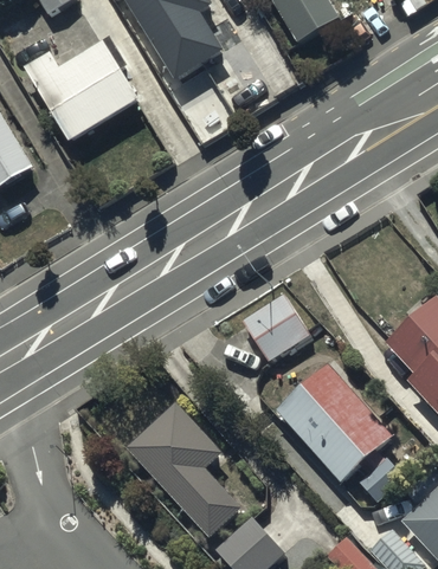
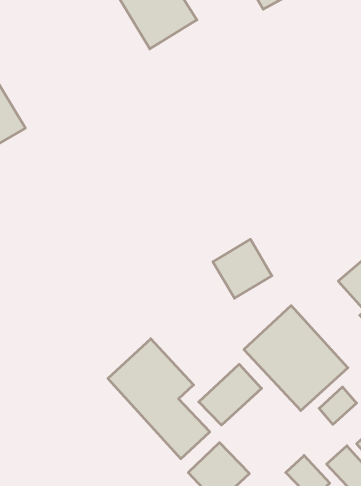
building: [25,38,140,143] -> none
building: none -> [199,364,262,425]

